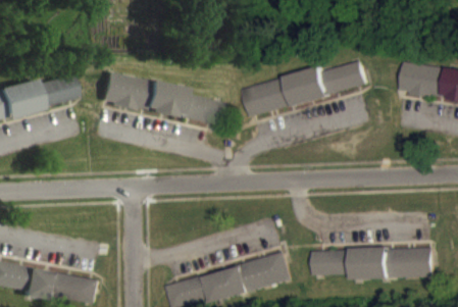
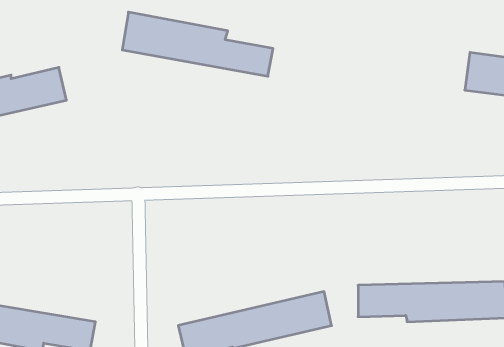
building: [244,61,367,116] -> none
building: [99,71,221,123] -> [122,12,273,76]

